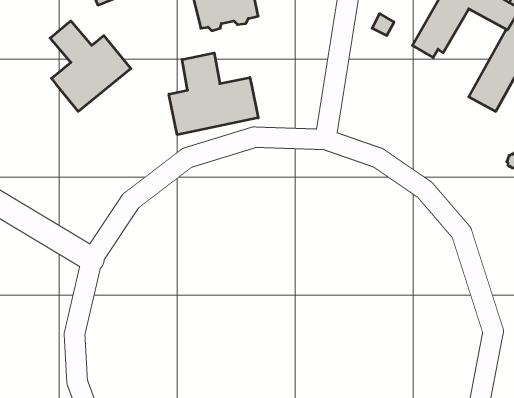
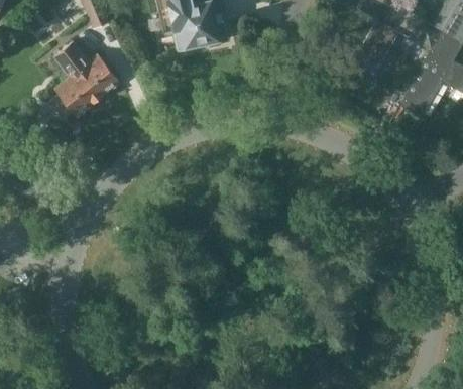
building: [169,53,258,135] -> none

